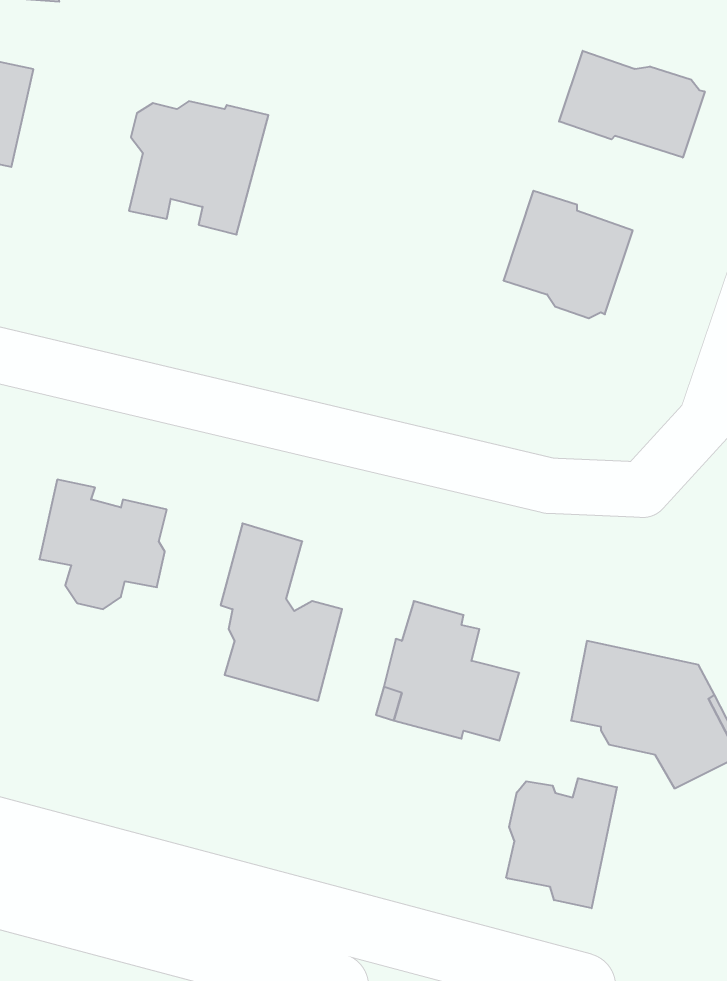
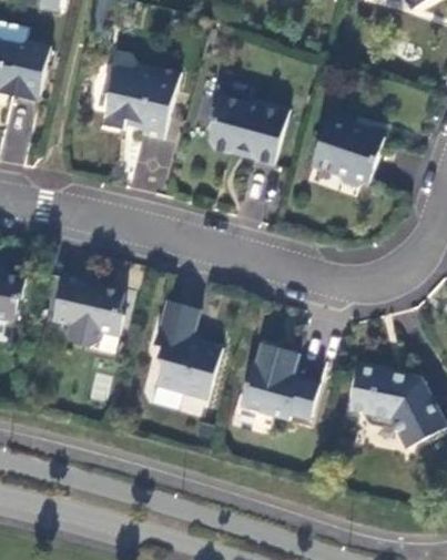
building: [559,51,705,158] -> none
building: none -> [207,95,288,165]
building: [506,778,617,908] -> none

